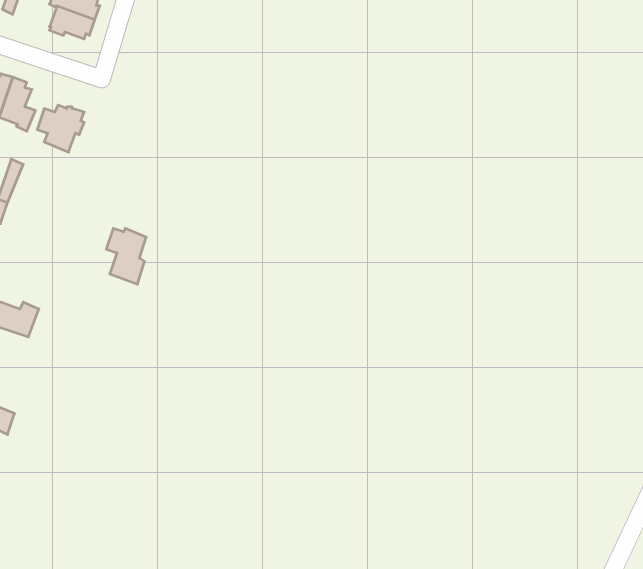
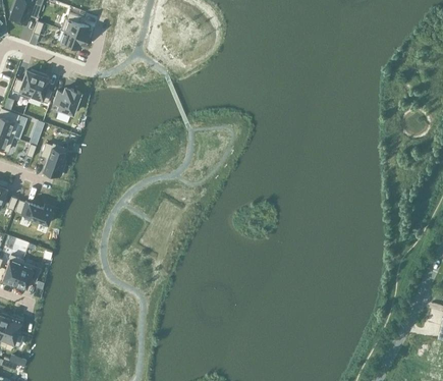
building: [106,228,146,284] -> [42,144,65,176]

